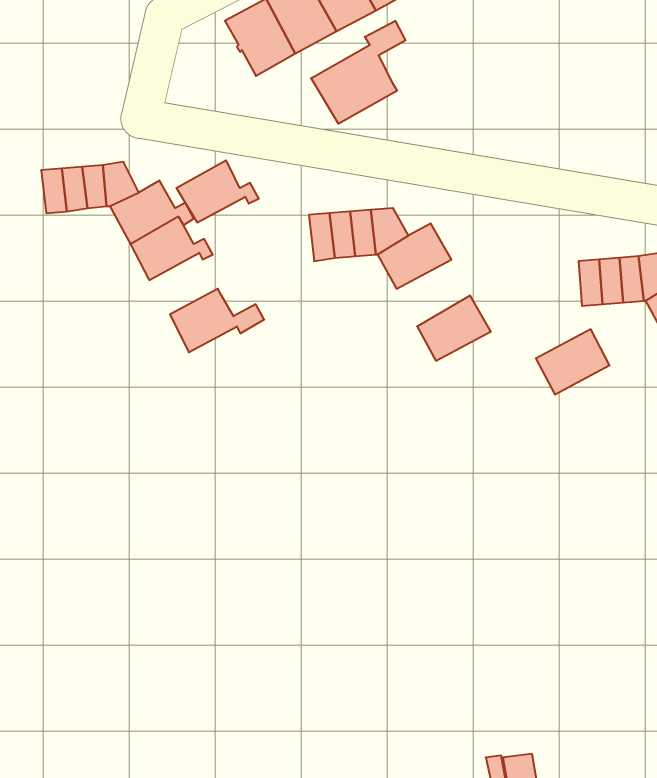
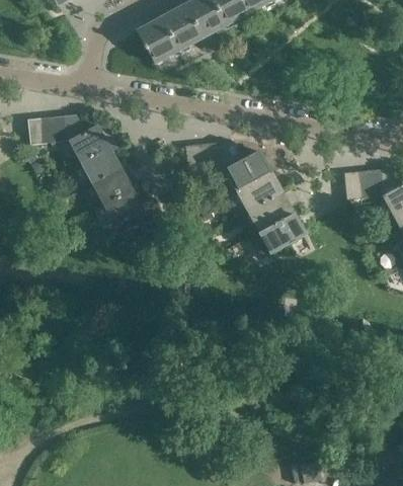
building: [311,21,406,124] -> none
building: [176,161,259,222] -> [91,168,140,205]
building: none -> [237,172,280,212]
building: [536,329,610,394] -> [260,215,304,253]

